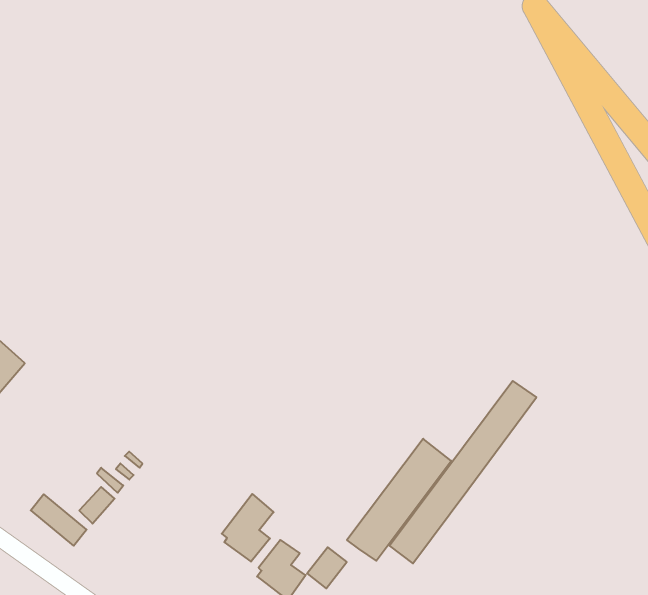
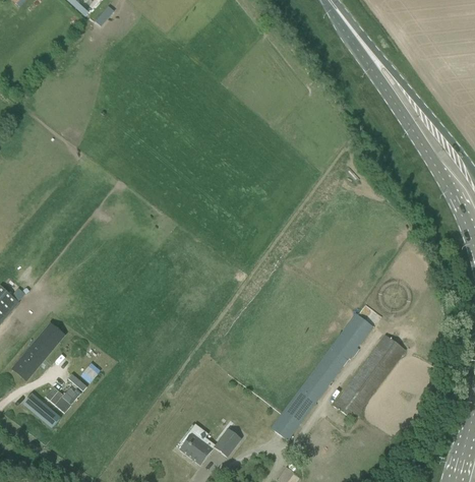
building: none -> [12,325,62,376]
building: [347,439,451,561] -> [333,335,405,419]
building: [222,494,274,562] -> none

